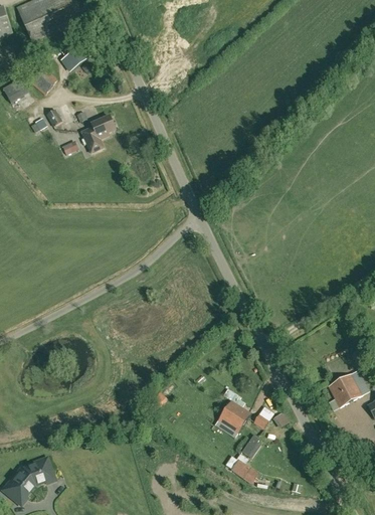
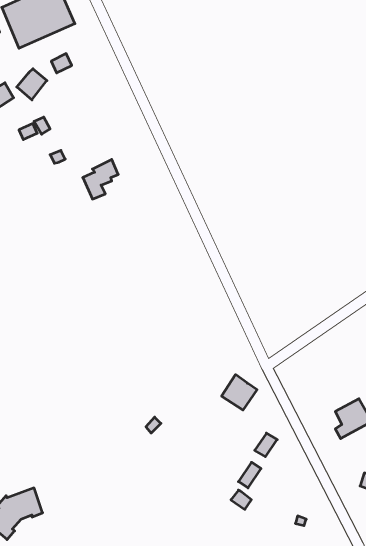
building: [81,115,115,152] -> [83,159,118,199]
building: [217,399,250,433] -> [222,375,257,410]

